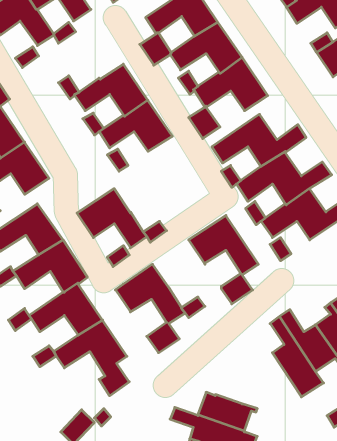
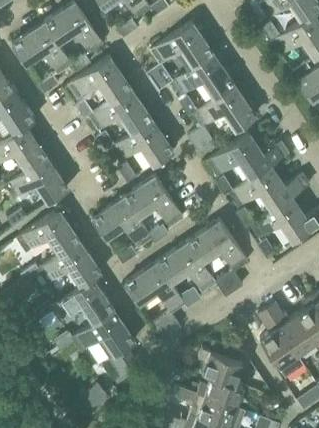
building: none -> [69,58,132,103]
building: none -> [124,175,184,226]
building: none -> [157,241,216,292]
building: none -> [199,348,242,382]

